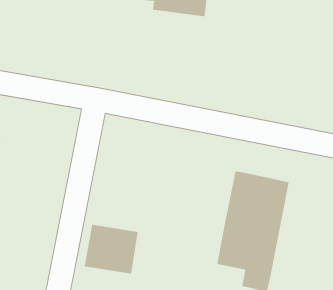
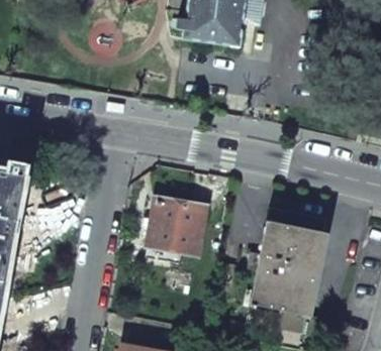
building: [84,224,139,274] -> [149,198,206,250]

